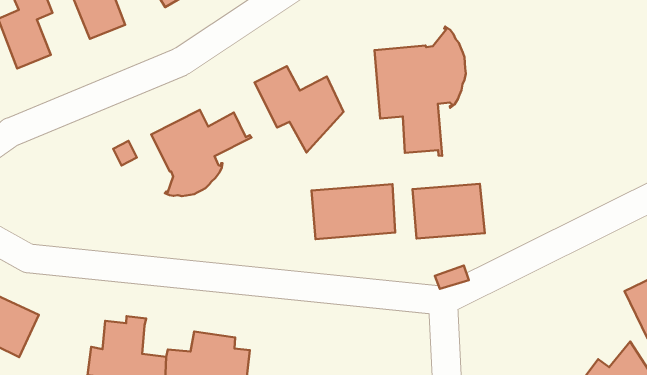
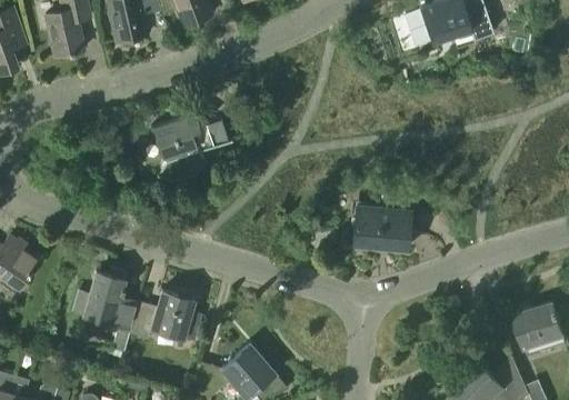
building: [375,26,466,156] -> none
building: [255,66,344,152] -> none
building: [311,184,395,239] -> none

